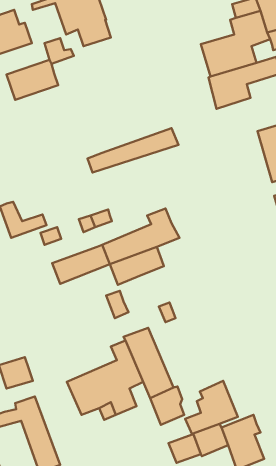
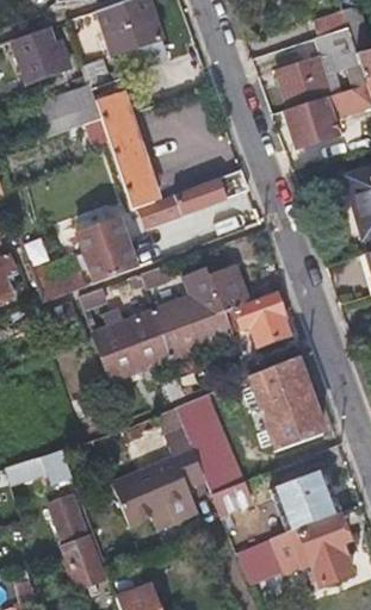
building: none -> [97,94,155,207]
building: none -> [73,216,137,284]
building: none -> [222,293,287,346]
building: none -> [104,335,174,384]
building: none -> [248,357,322,454]

